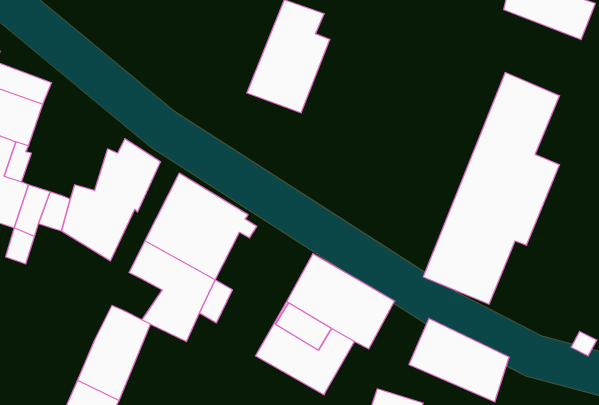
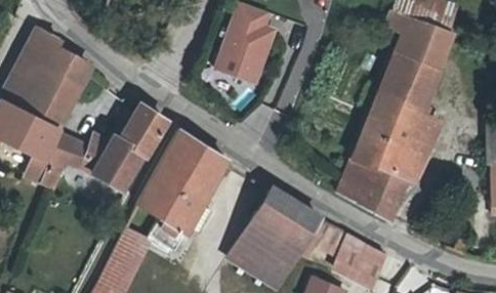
building: none -> [392,10,456,72]

